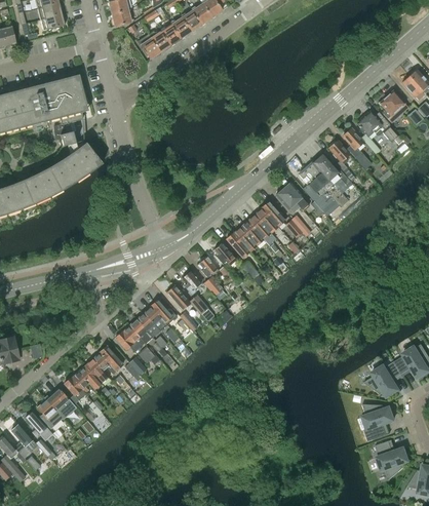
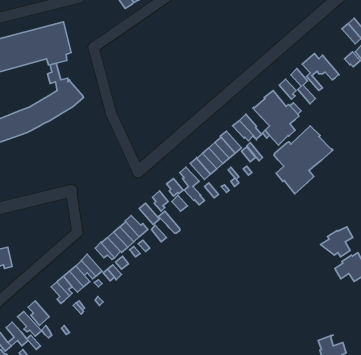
building: [379,90,408,123] -> none
building: none -> [274,126,333,194]
building: [363,361,401,396] -> [320,227,353,257]
building: [45,388,75,418] -> none
building: [362,403,393,440] -> none

